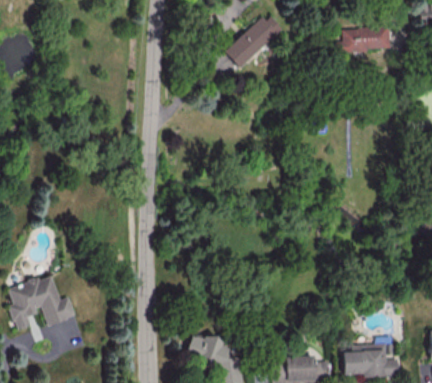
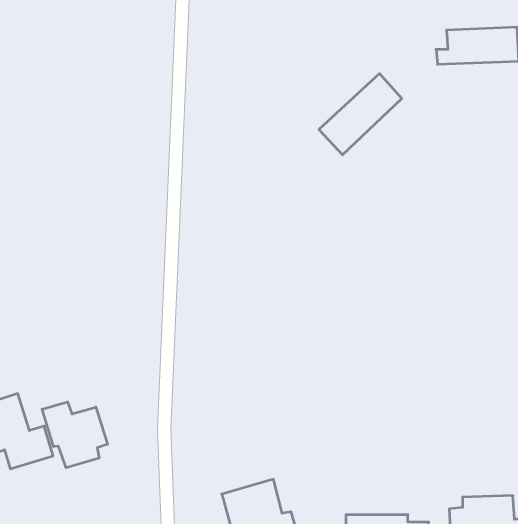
building: [224,13,280,68] -> [319,74,402,155]
building: none -> [42,402,108,468]

